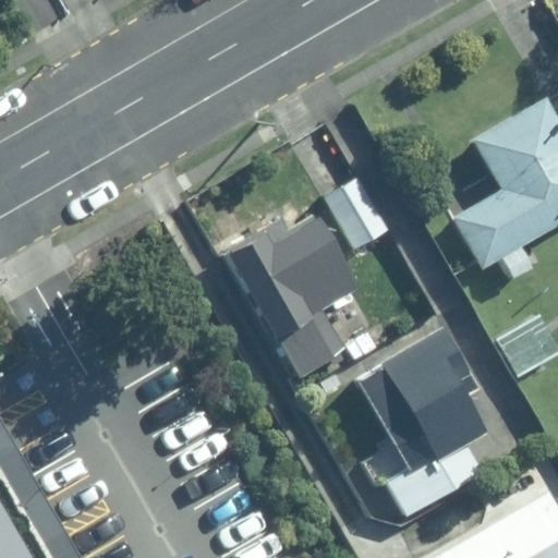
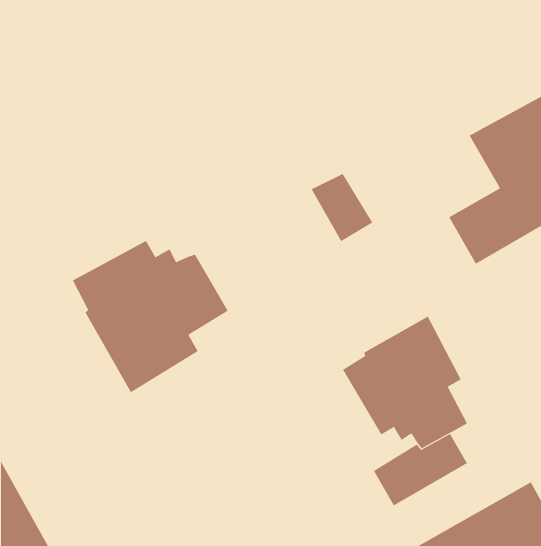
building: [223,215,357,379] -> none
building: none -> [72,240,228,393]

